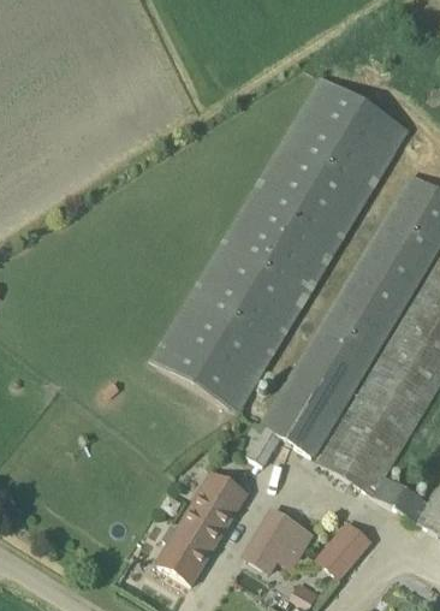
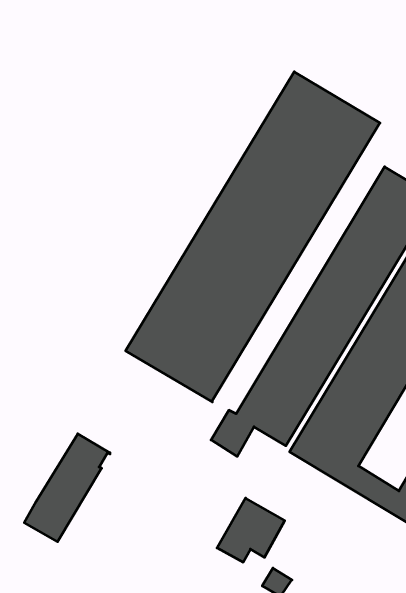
building: [159,473,245,582] -> [24,434,110,542]
building: [319,523,369,576] -> none

